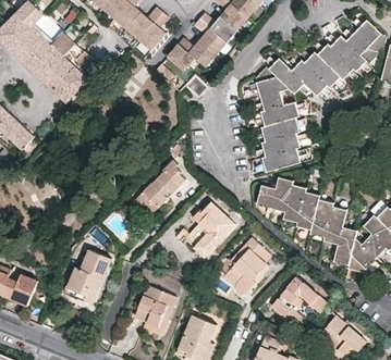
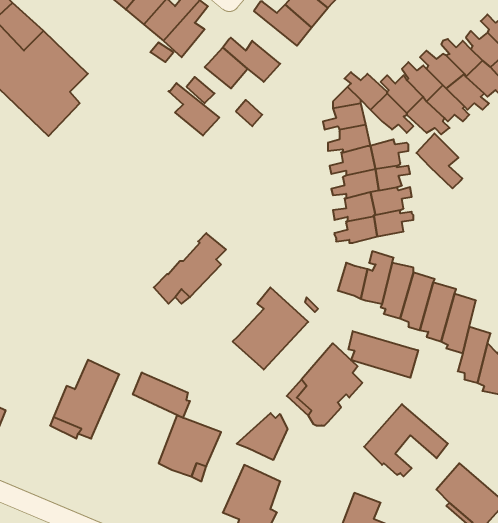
building: [195,18,229,53] -> [168,83,219,136]
building: none -> [416,133,462,188]
building: none -> [348,331,418,378]
building: none -> [133,372,190,418]
building: none -> [237,413,287,460]

